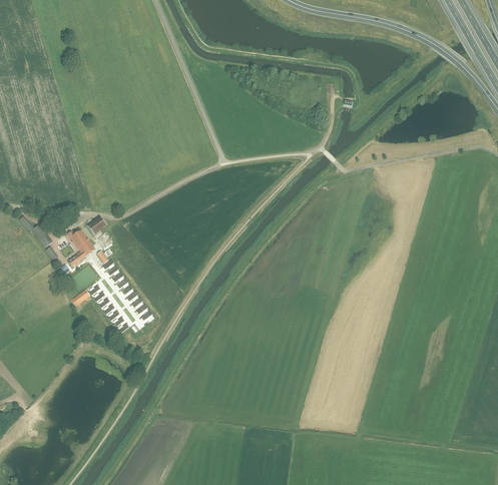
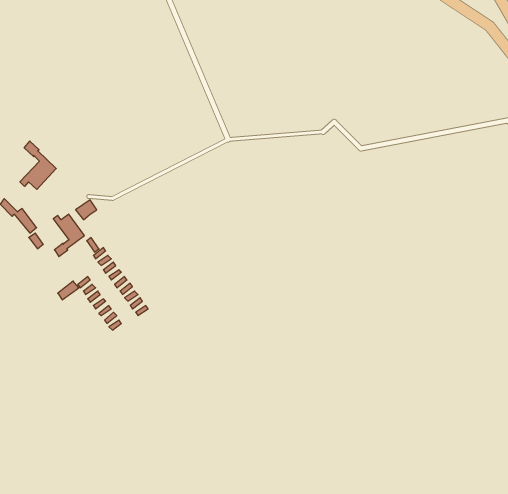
building: none -> [20,141,56,189]

